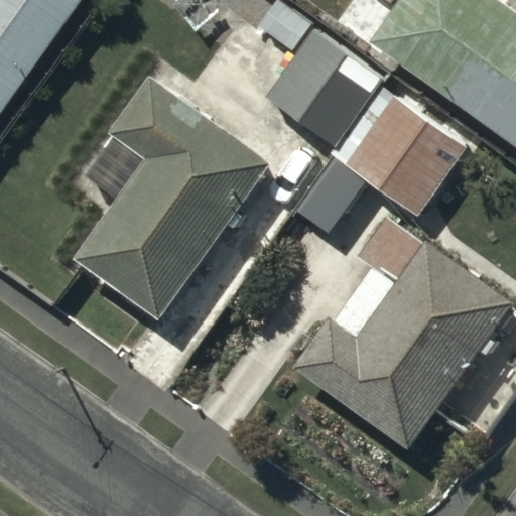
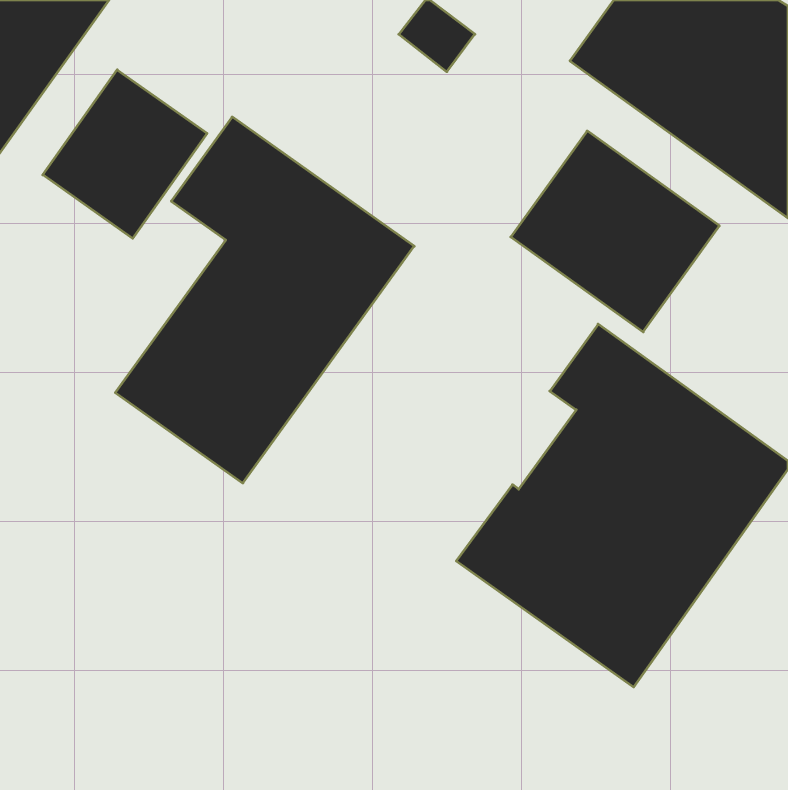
building: [266,32,380,145] -> none
building: none -> [43,70,207,238]

